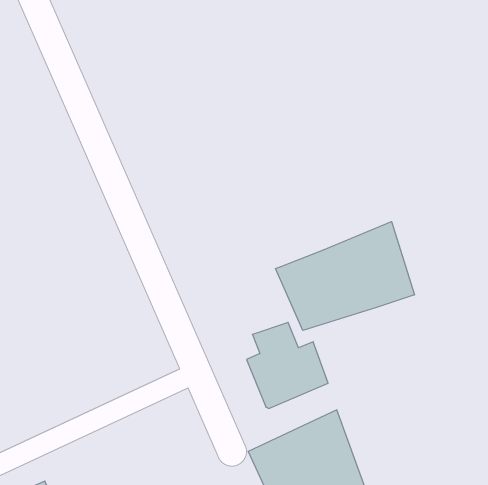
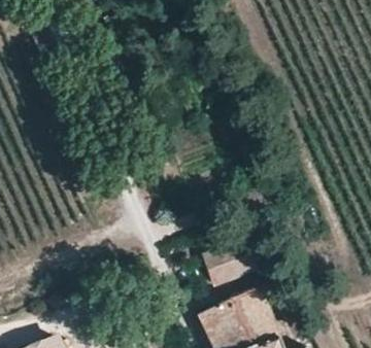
building: [276,222,414,330] -> none

